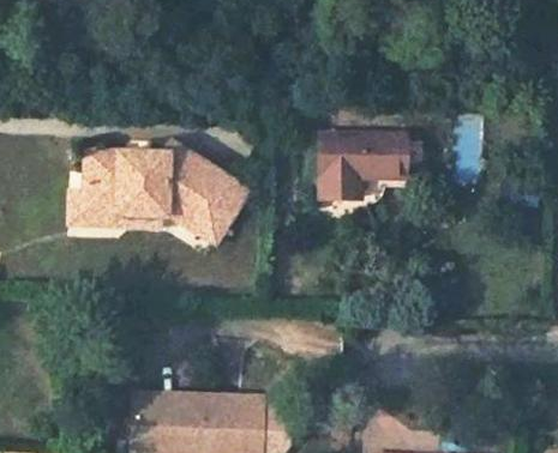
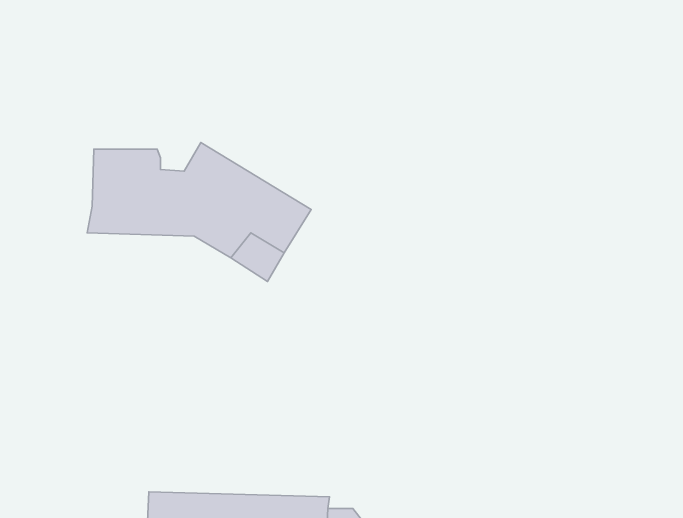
building: [319,132,404,197] -> none
building: [73,188,163,222] -> none

